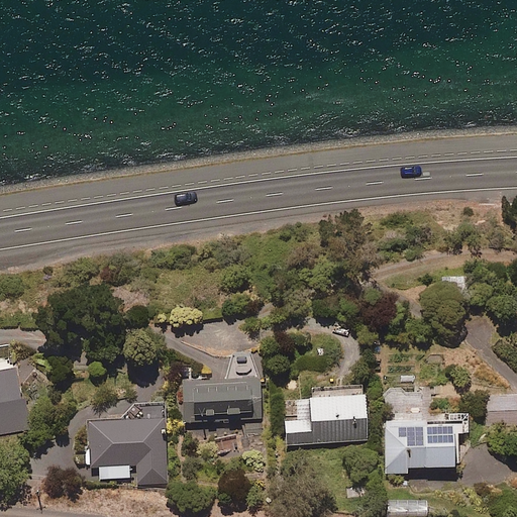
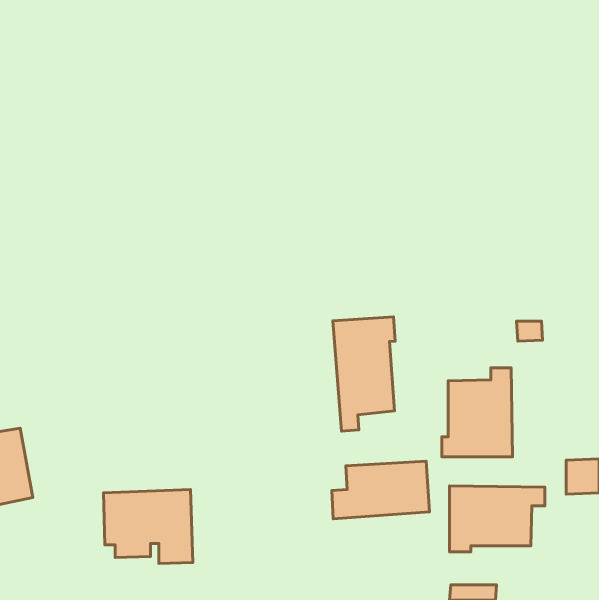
building: none -> [333,317,395,431]
building: none -> [442,368,512,457]
building: [183,380,260,421] -> none

